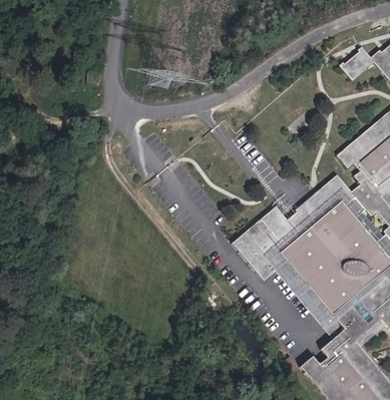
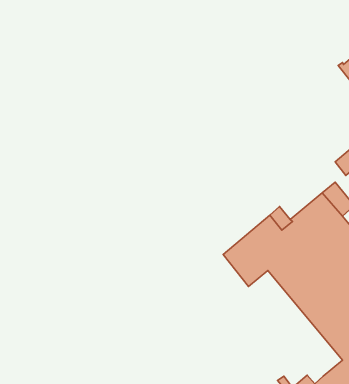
building: [257,257,345,356] -> none

